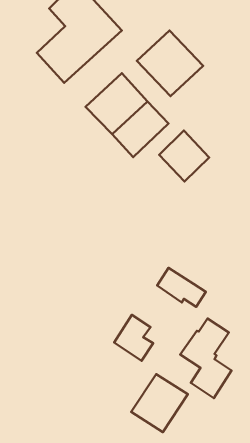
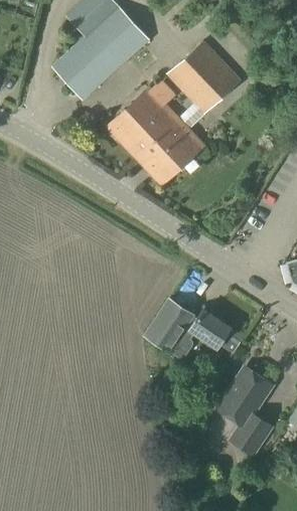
building: [159,131,209,182] -> none
building: [114,315,153,361] -> [145,304,189,356]
building: [131,374,188,432] -> none

